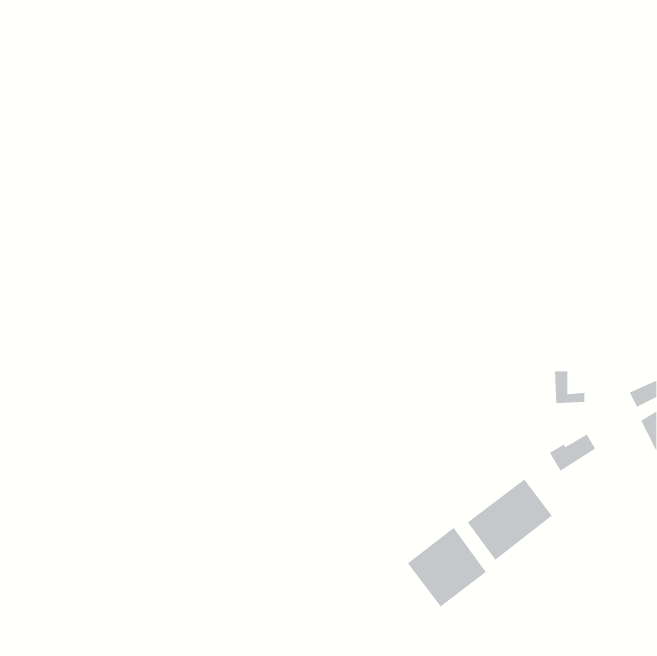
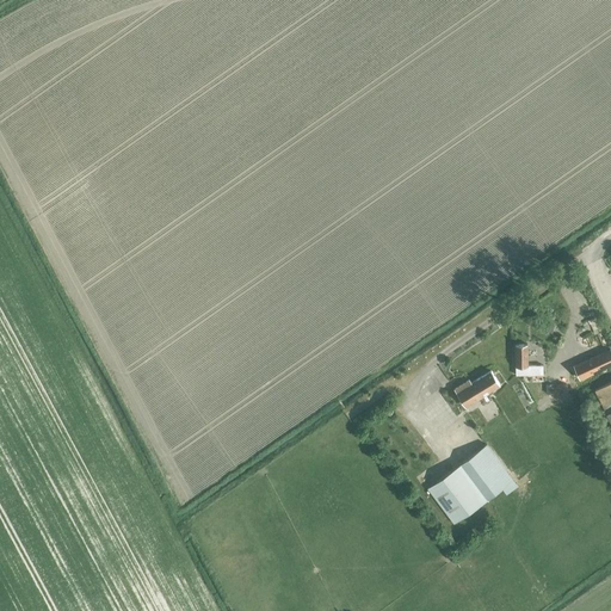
building: [549,433,596,472] -> [456,371,500,407]
building: [407,527,487,607] -> none

